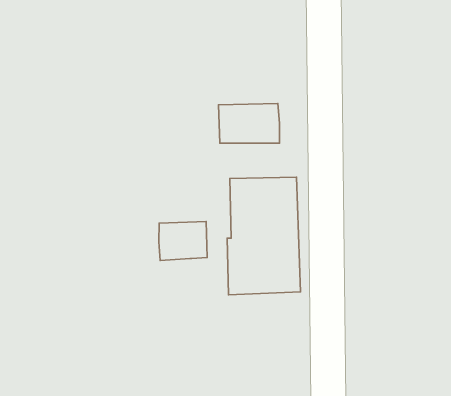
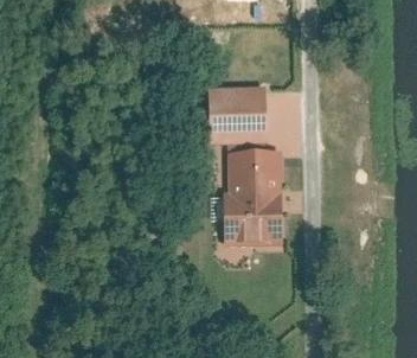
building: [159,221,207,261] -> none

